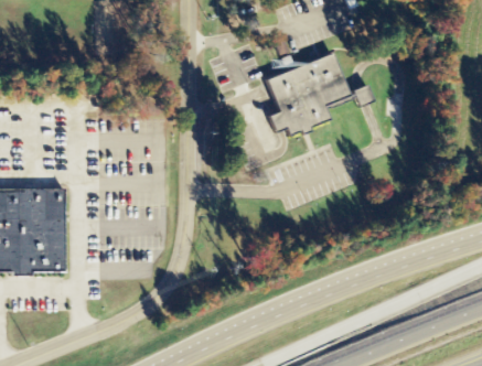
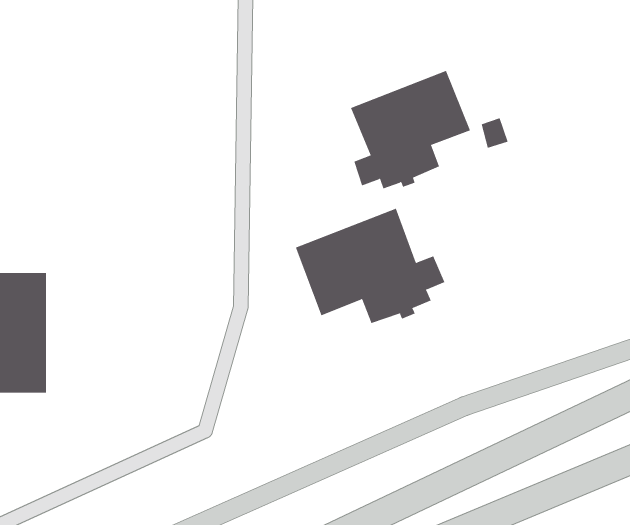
building: none -> [295,208,445,324]

